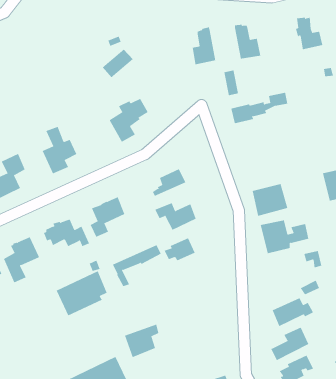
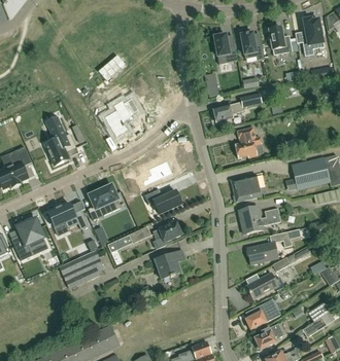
building: none -> [240,31,265,60]
building: [192,27,216,65] -> none
building: none -> [233,125,261,157]
building: none -> [246,242,278,264]
building: [124,324,159,358] -> [154,249,184,279]

